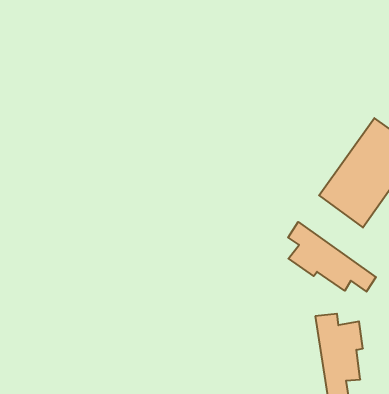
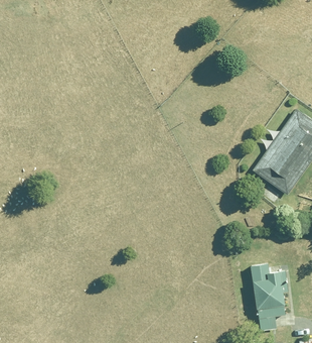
building: [288,222,376,292] -> none

